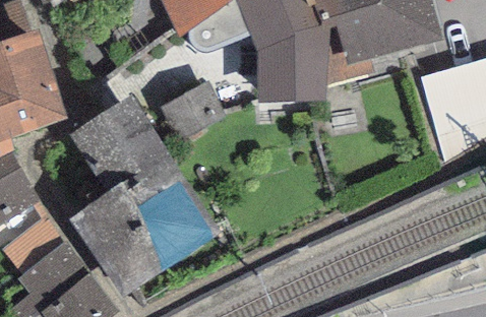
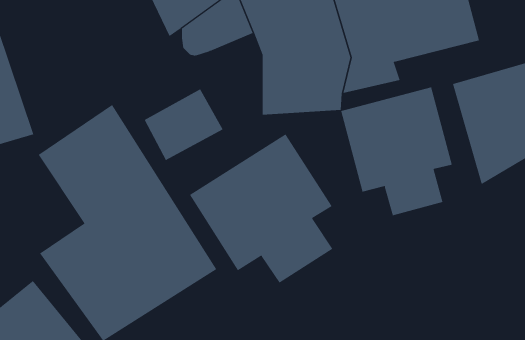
building: none -> [341,87,452,216]
building: none -> [189,133,333,284]

